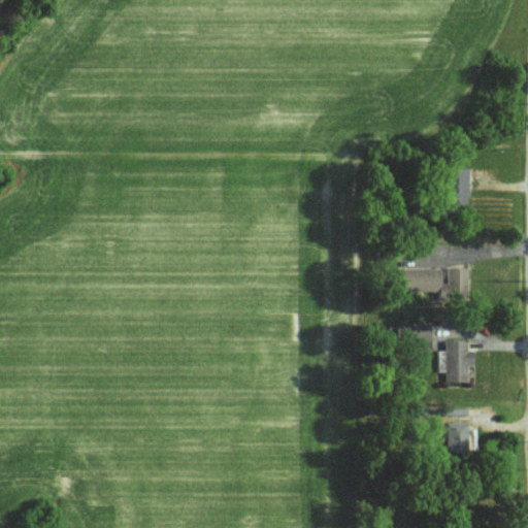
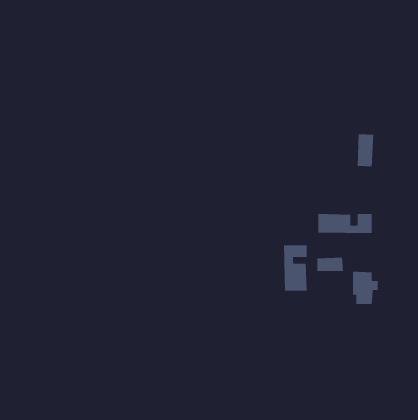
building: none -> [283,244,307,291]
building: [442,423,471,451] -> none

